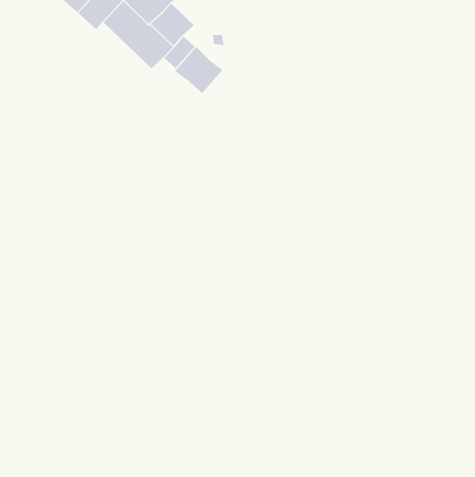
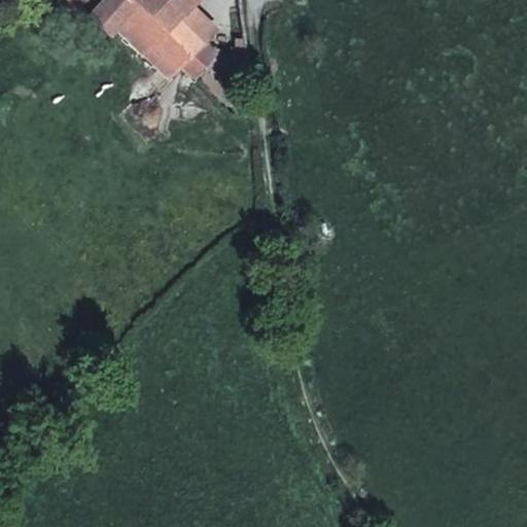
building: [174,46,223,94] -> none

